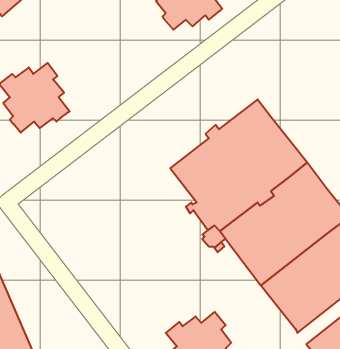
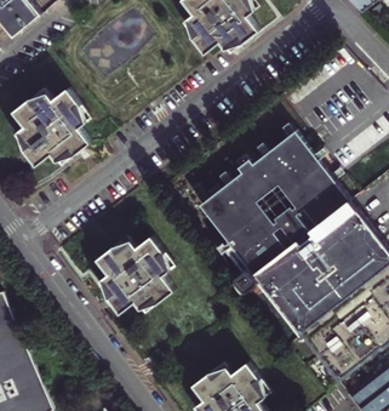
building: none -> [96,235,172,312]

